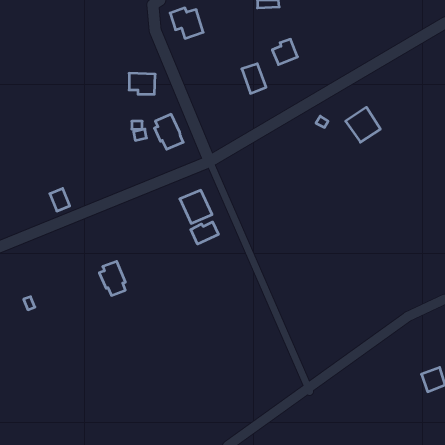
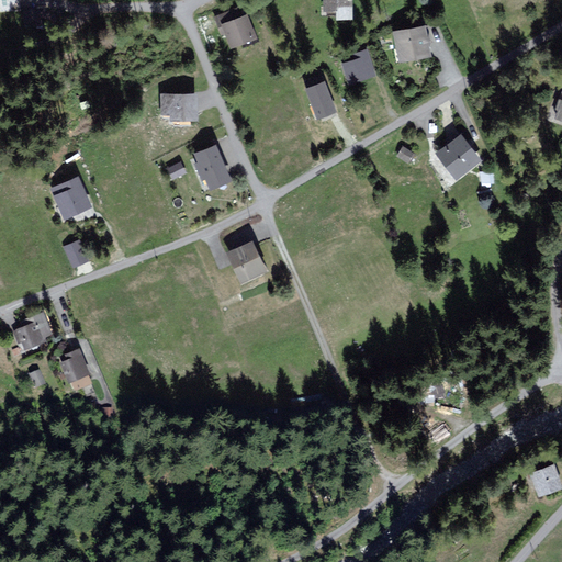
building: none -> [392,26,429,61]
building: none -> [53,178,90,217]
building: [191,222,218,244] -> none
building: none -> [11,310,55,350]
building: [99,261,125,295] -> [59,347,92,390]

